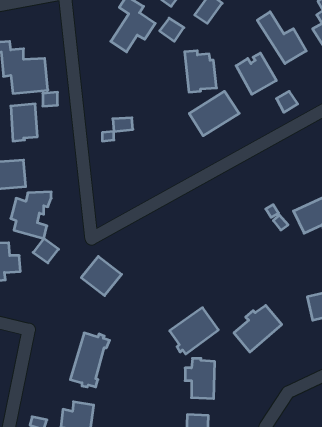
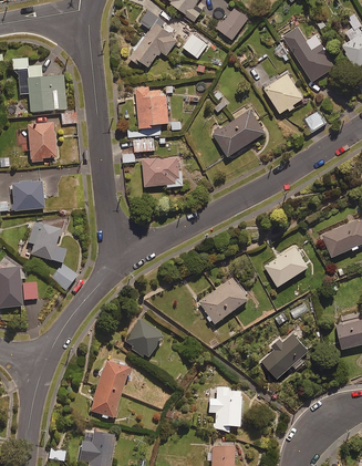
building: [185,51,217,92] -> [136,85,169,128]
building: none -> [143,156,184,187]
building: none -> [265,246,309,287]
building: [81,256,122,296] -> [122,319,164,360]
building: [170,308,218,354] -> [199,276,250,324]

